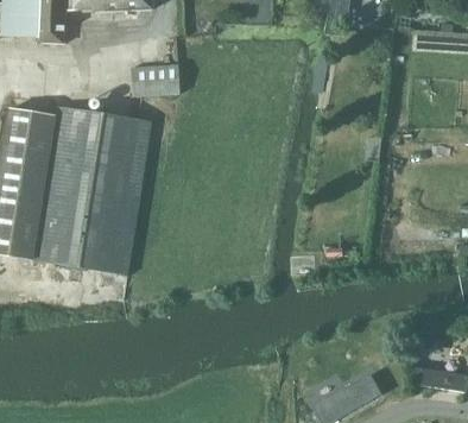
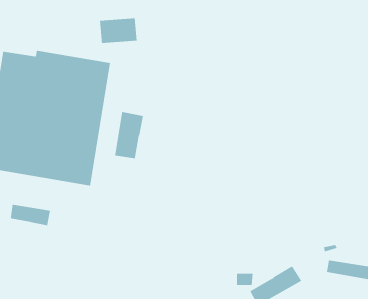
building: none -> [114,111,144,159]
building: none -> [10,203,51,226]

